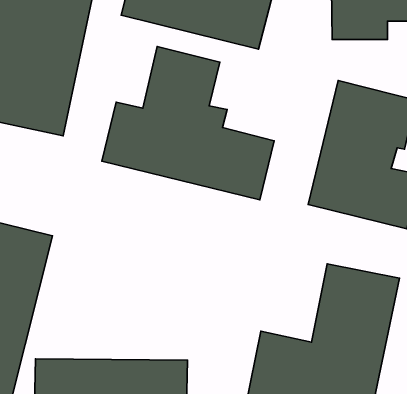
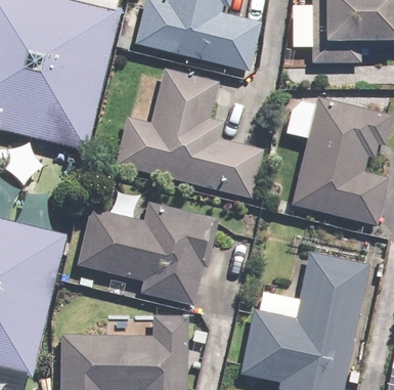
building: none -> [78,205,216,305]

